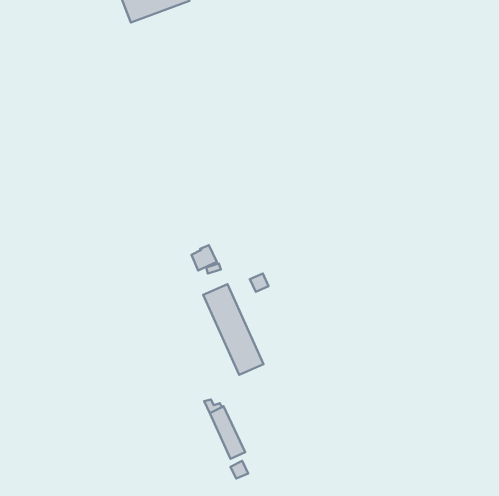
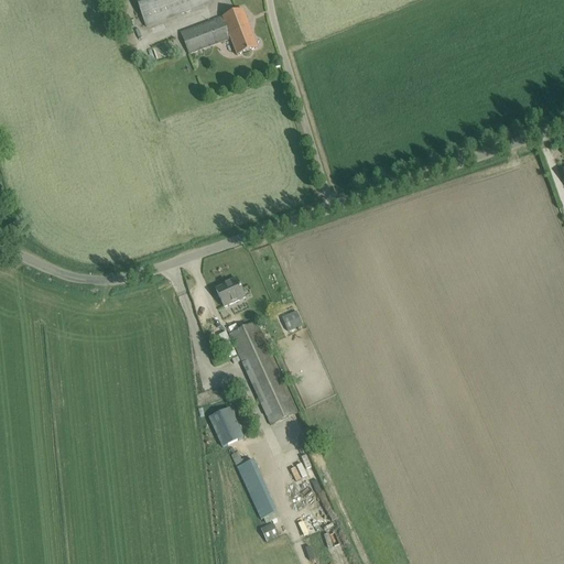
building: none -> [181,7,258,53]
building: none -> [208,405,242,445]

